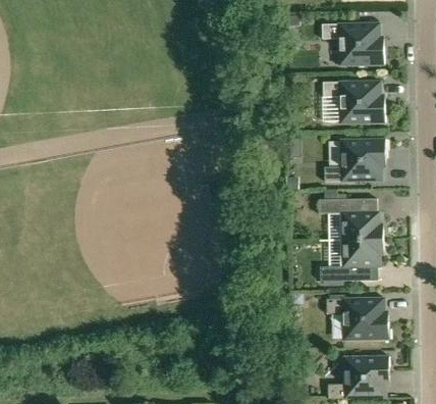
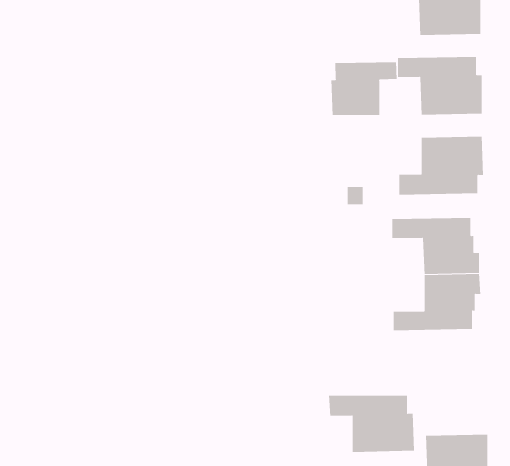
building: none -> [331,61,397,116]
building: [326,298,389,340] -> [328,395,415,452]

